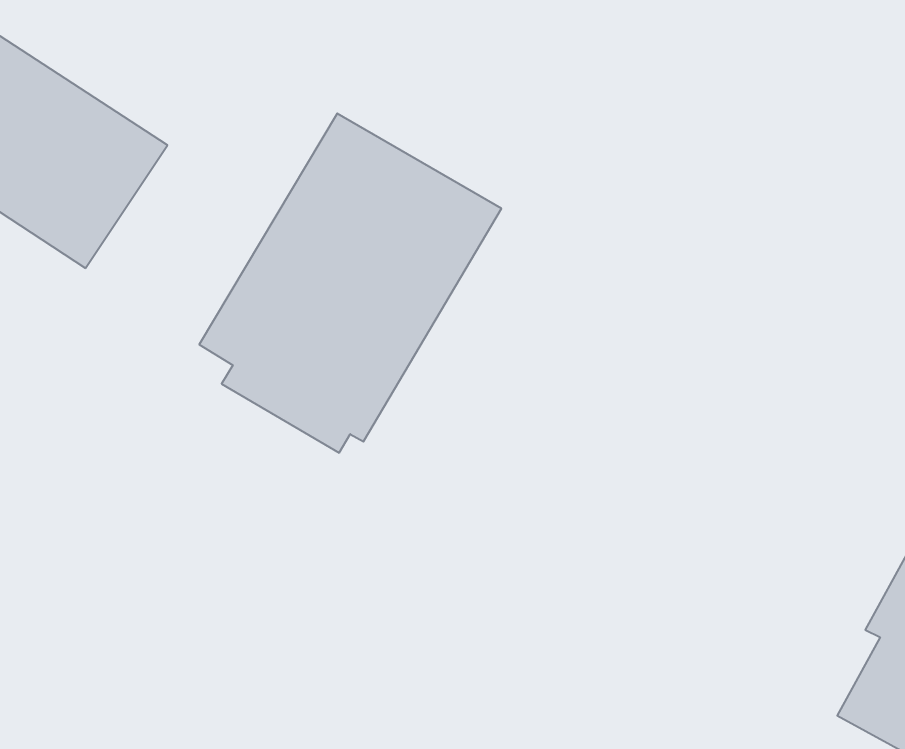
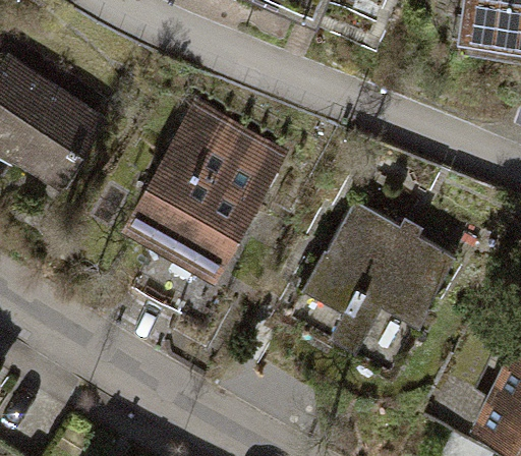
building: none -> [303,202,457,370]

